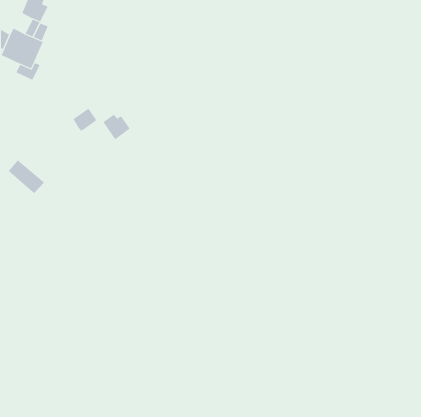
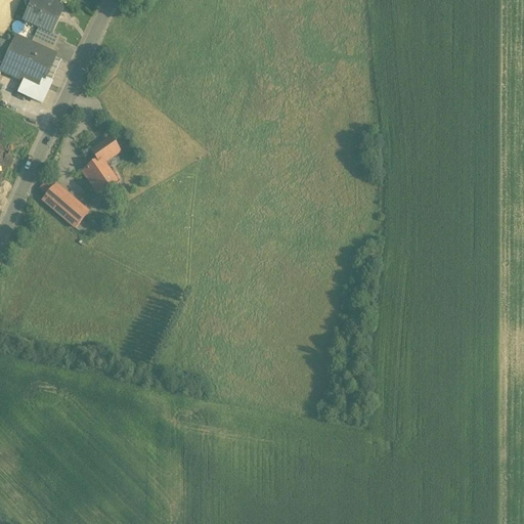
building: [103,114,131,140] -> [82,159,117,191]
building: [8,159,45,194] -> [43,183,89,226]

